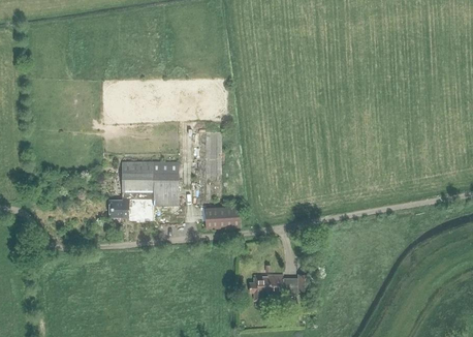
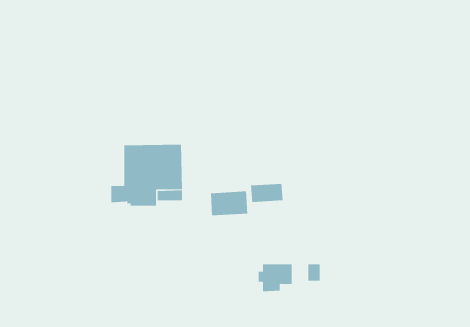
building: none -> [250,183,283,203]

